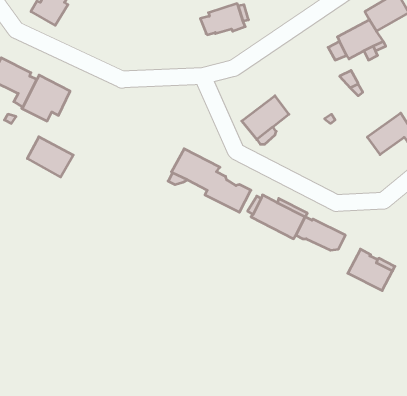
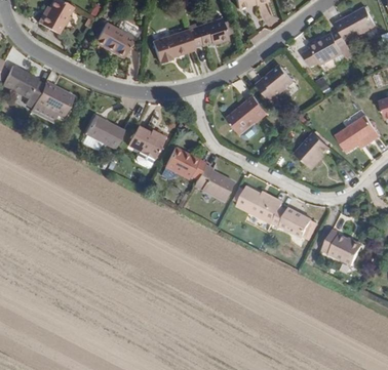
building: none -> [96,22,135,56]
building: none -> [150,25,194,57]
building: none -> [257,67,296,105]
building: none -> [127,123,162,156]
building: none -> [296,132,331,169]
building: [27,137,73,177] -> [83,114,124,150]

